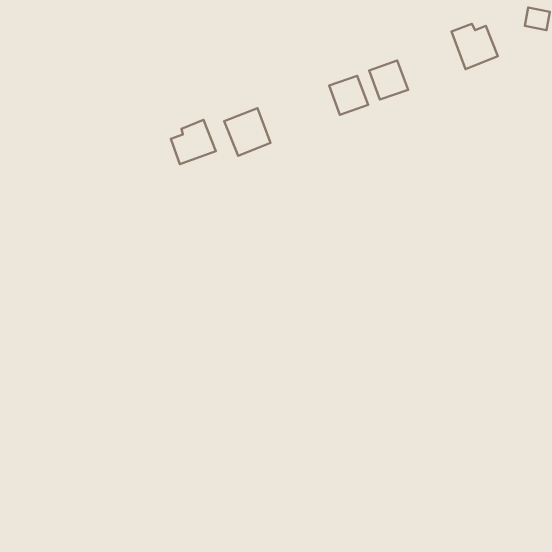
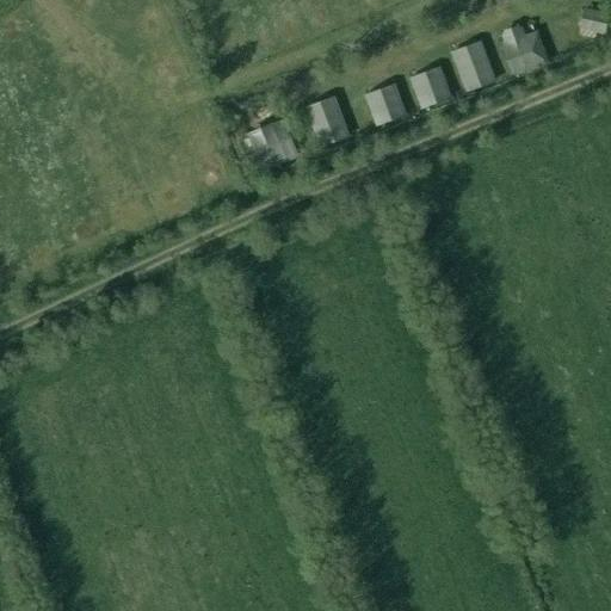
building: none -> [451,39,496,93]
building: none -> [306,95,351,148]
building: [171,120,216,164] -> none

